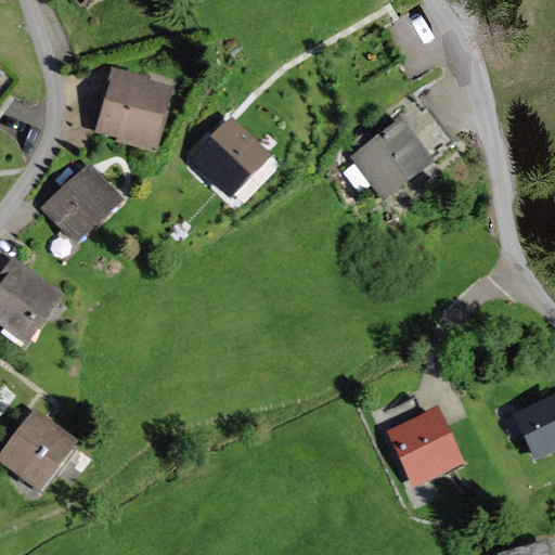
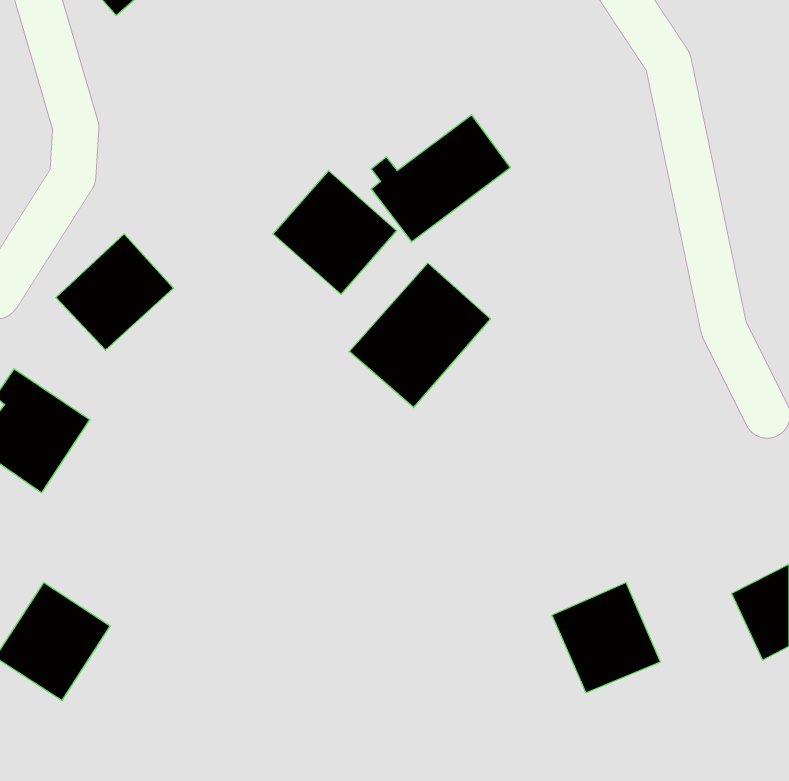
building: [96,73,176,151] -> none
building: [353,101,451,190] -> [371,115,511,242]
building: none -> [349,263,490,408]

